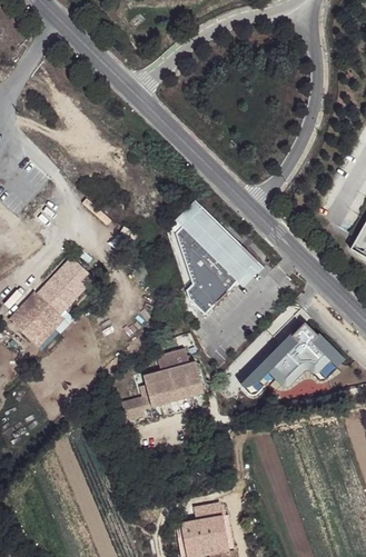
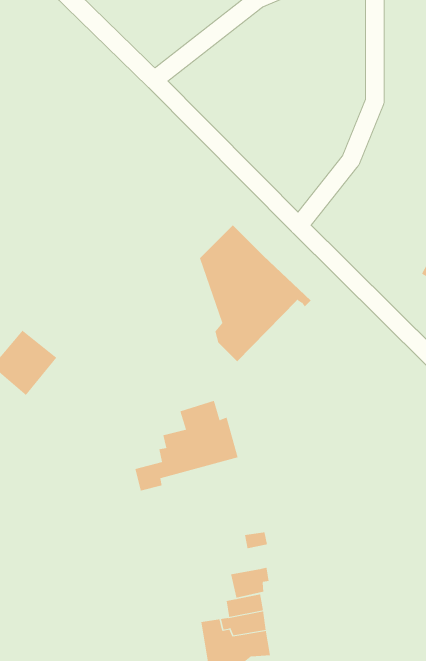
building: [33,255,95,312] -> none
building: [241,324,342,392] -> none
building: none -> [231,567,269,599]

